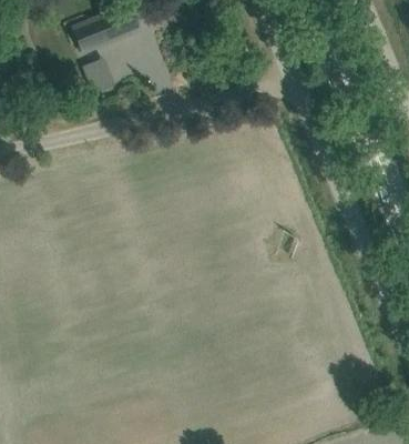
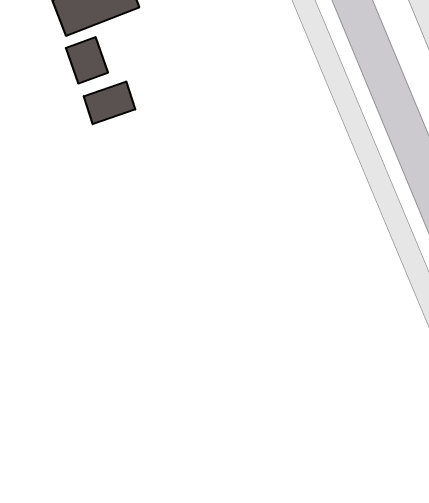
building: none -> [84,81,135,124]

